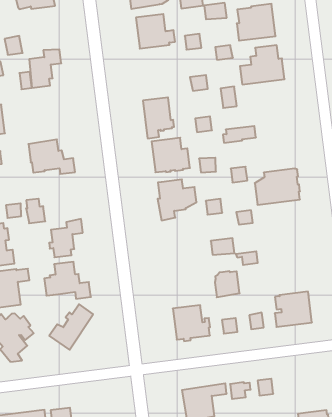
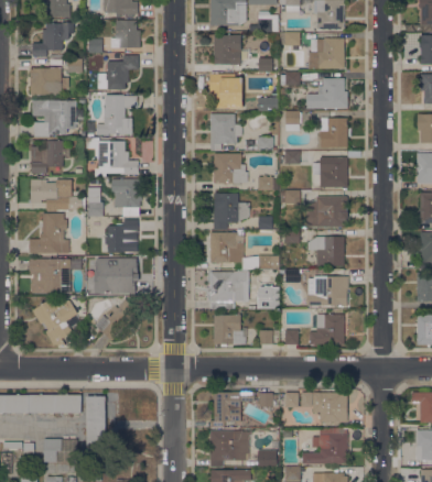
building: none -> [115,21,140,50]
building: none -> [209,75,242,111]
building: none -> [321,118,347,147]
building: none -> [97,96,138,135]
building: none -> [320,157,347,187]
building: none -> [111,179,141,217]
building: none -> [307,237,344,266]
building: none -> [210,231,244,263]
building: none -> [306,276,347,306]
building: none -> [207,271,250,309]
building: none -> [313,393,348,424]

